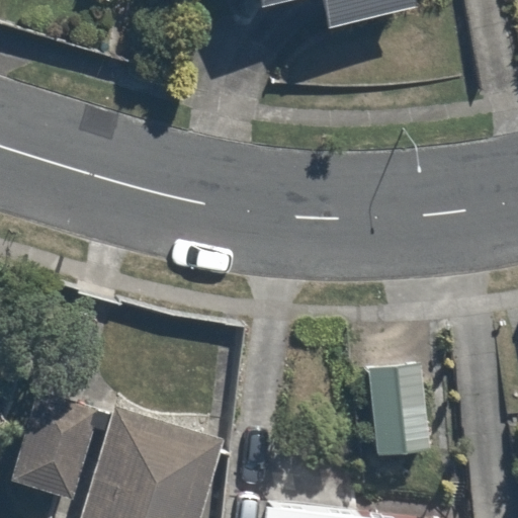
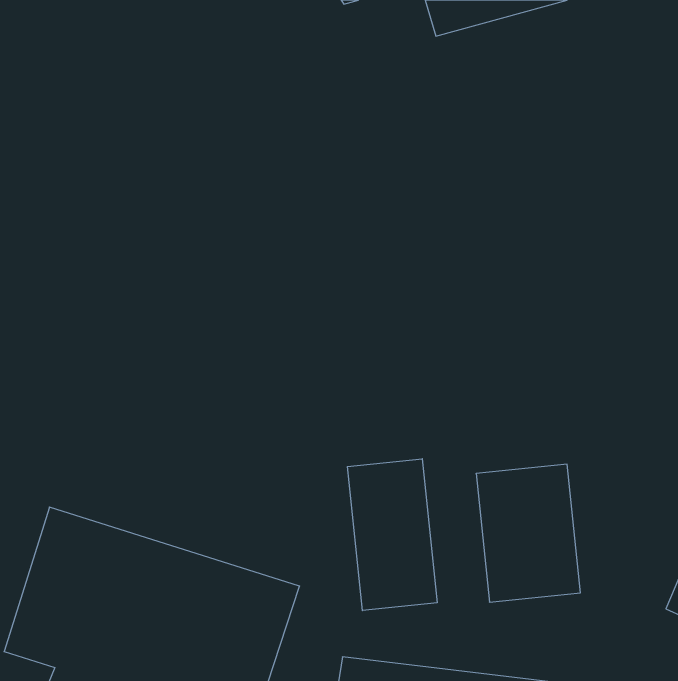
building: none -> [347,459,437,611]

